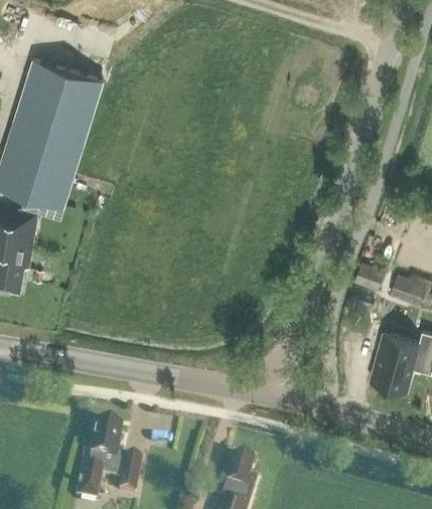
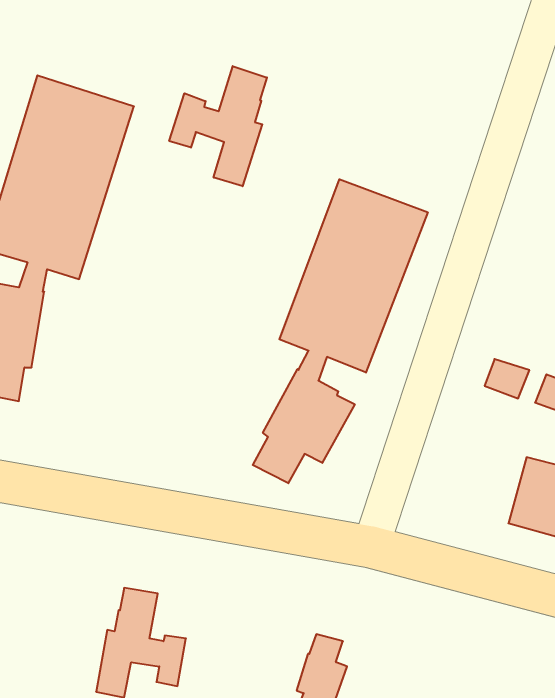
building: none -> [169,66,267,186]
building: none -> [253,179,428,483]

